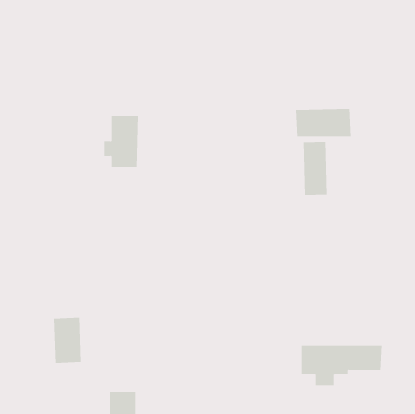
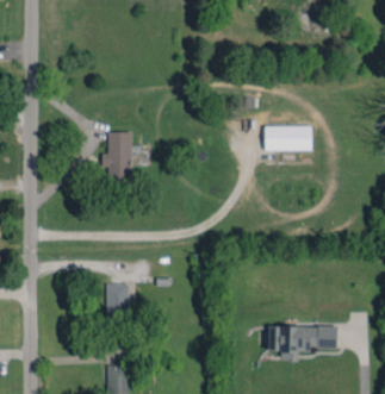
building: [303,141,327,196] -> none
building: [53,317,81,364] -> [106,283,130,323]

